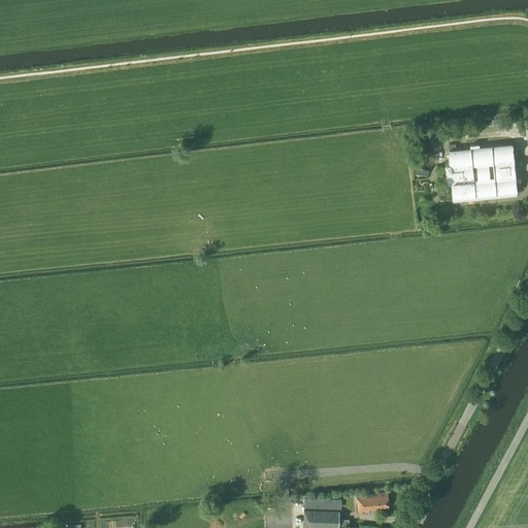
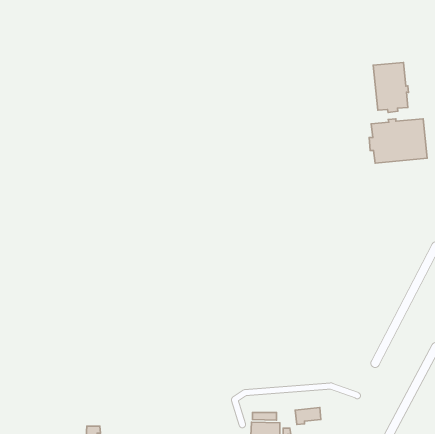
building: none -> [373,63,408,112]

